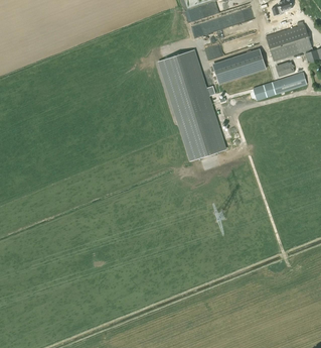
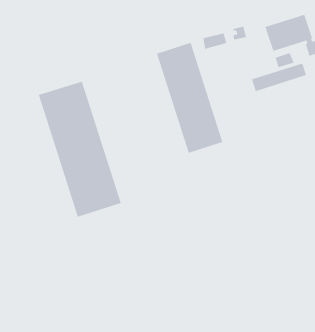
building: [212,47,267,84] -> none
building: none -> [38,81,121,217]

